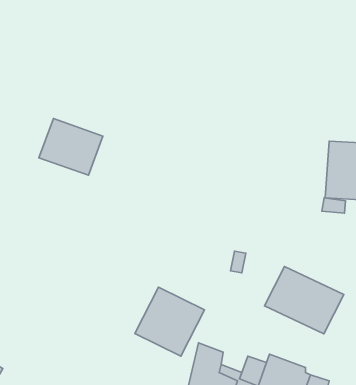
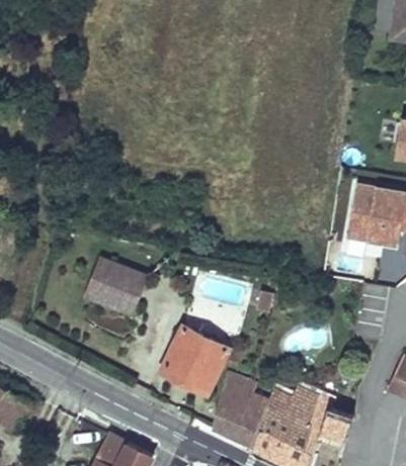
building: [39,119,103,175] -> [85,259,148,314]
building: [265,267,344,334] -> none

